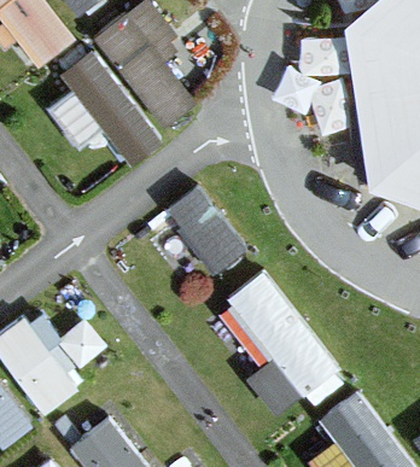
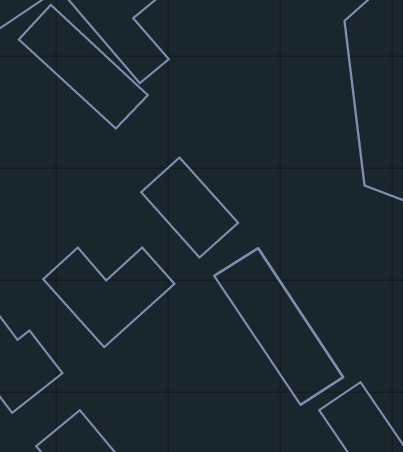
building: none -> [43,247,174,347]

